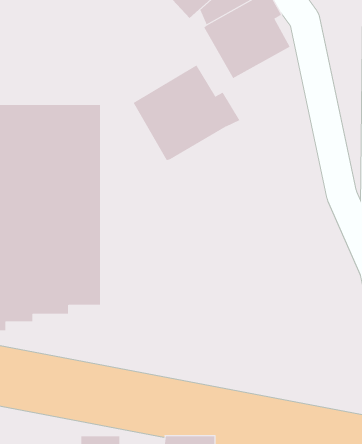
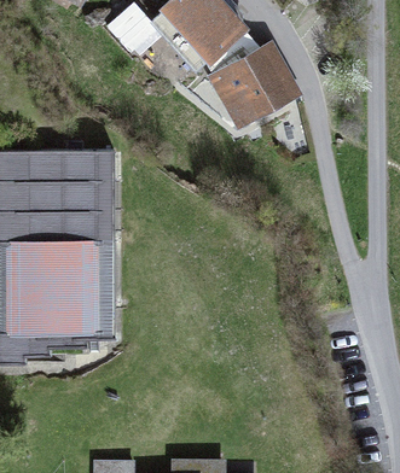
building: [133,65,240,161] -> none

